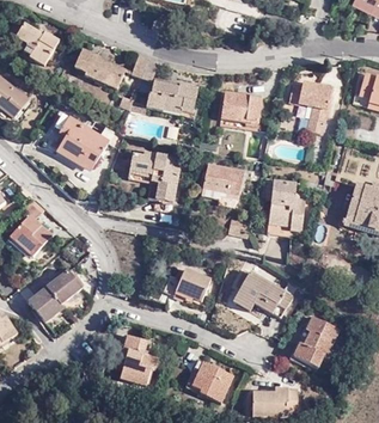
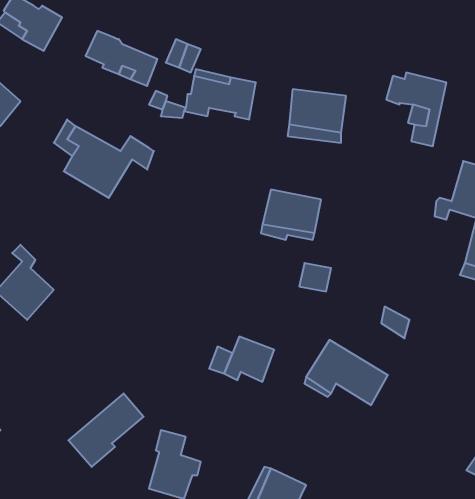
building: [129,152,182,212] -> none
building: [268,182,305,237] -> none
building: [29,270,82,323] -> [68,393,144,467]
building: [294,317,338,368] -> none

